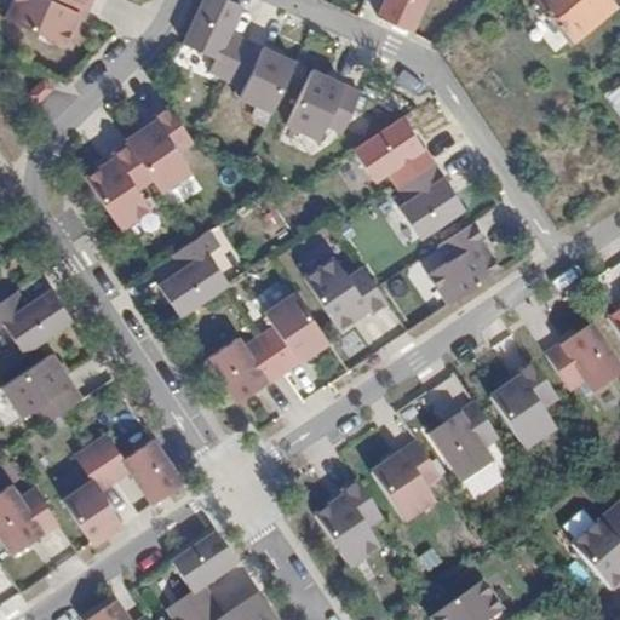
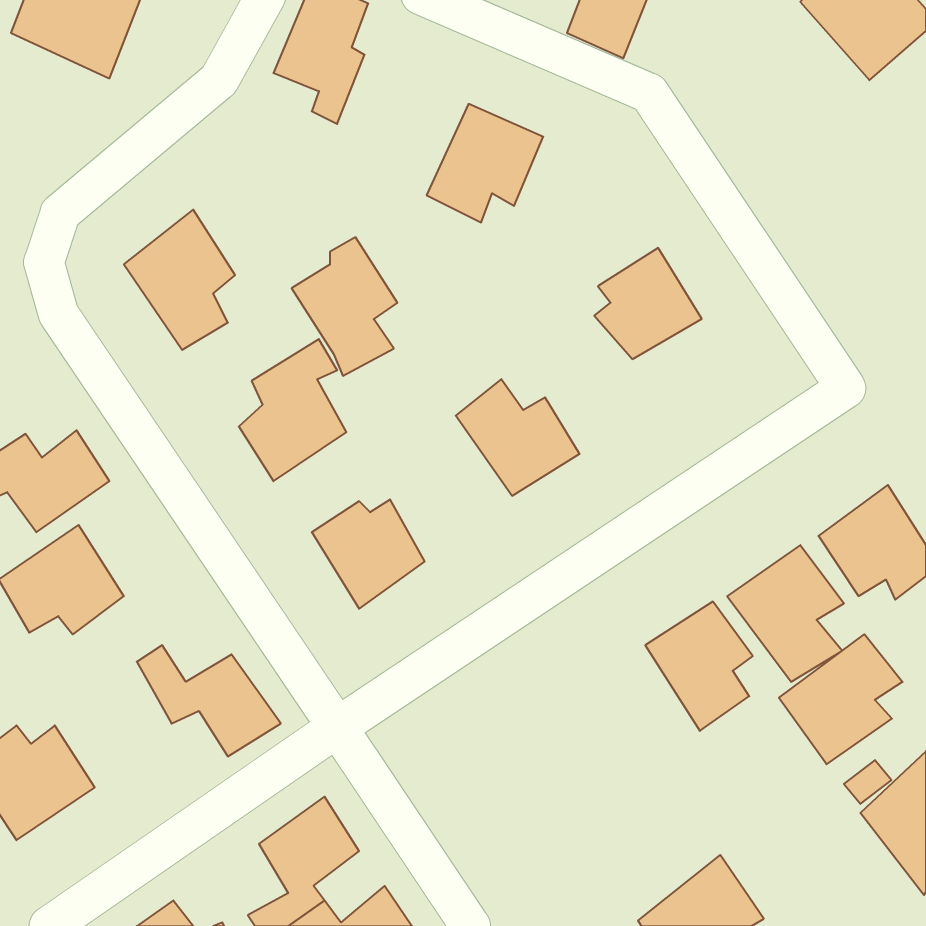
building: [224,36,297,119] -> none
building: [128,105,199,197] -> [292,237,397,376]
building: [354,114,437,190] -> none
building: [430,222,501,308] -> none
building: [259,287,328,373] -> none
building: none -> [779,634,903,764]
building: [368,435,443,528] -> none
building: [62,440,127,549] -> none
building: [315,480,384,570] -> none

